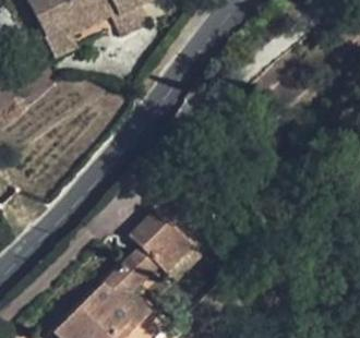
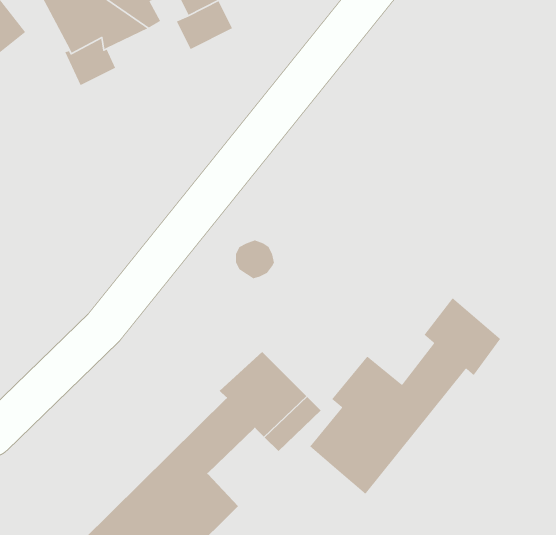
building: none -> [309,297,501,495]

